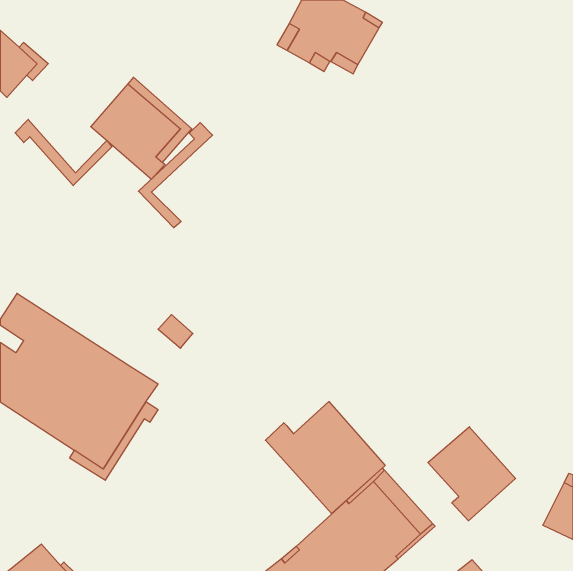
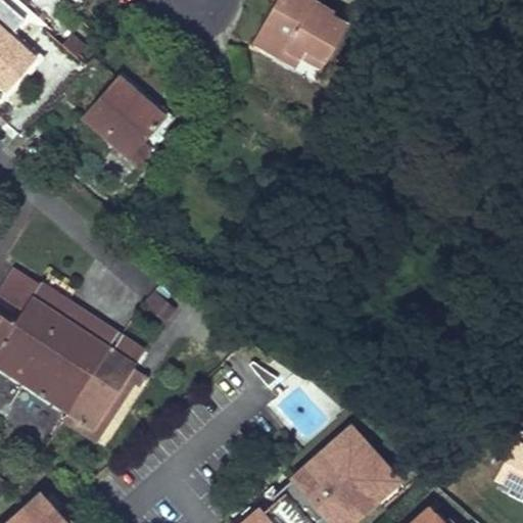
building: [15,119,112,186] -> none
building: [138,123,213,228] -> none
building: [265,402,385,514] -> none
building: [428,427,516,521] -> none

